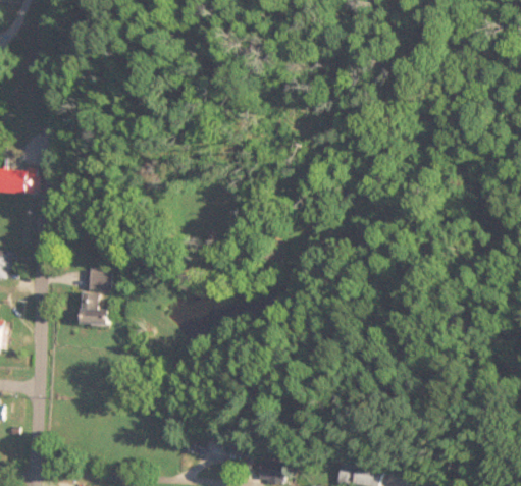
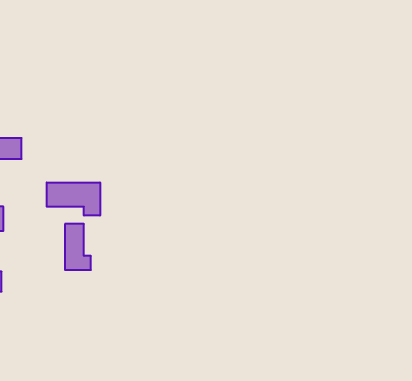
building: none -> [47,182,100,216]

